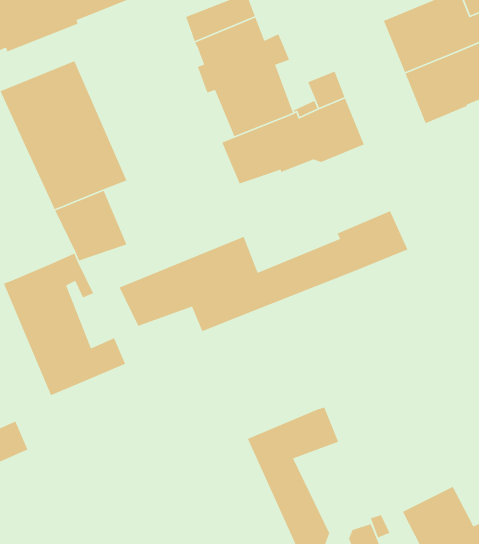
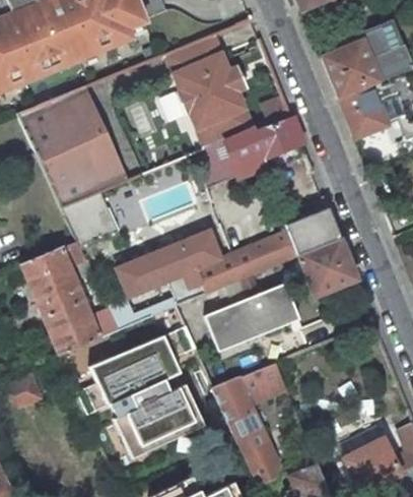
building: none -> [299,239,357,297]
building: none -> [205,284,299,353]
building: none -> [76,327,204,458]

